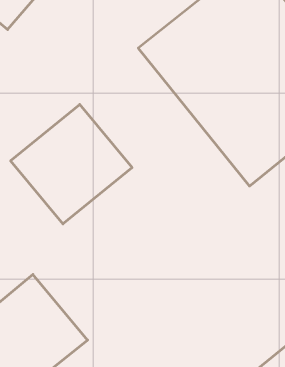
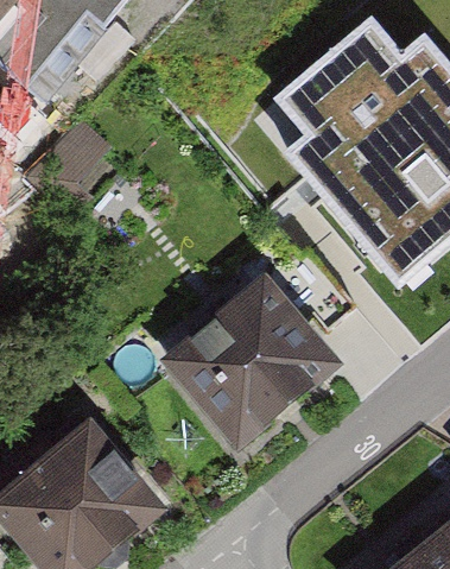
building: [11,104,132,224] -> [170,273,341,442]

